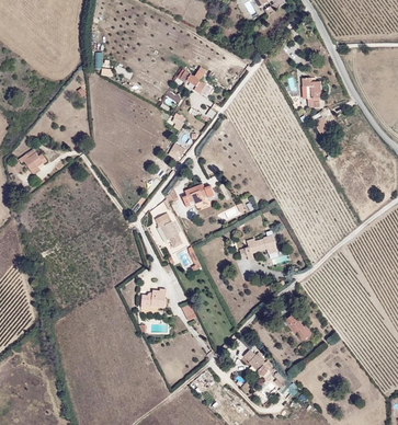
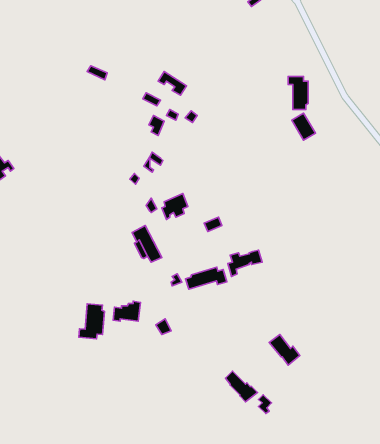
building: none -> [186,267,227,289]
building: none -> [79,304,105,339]

